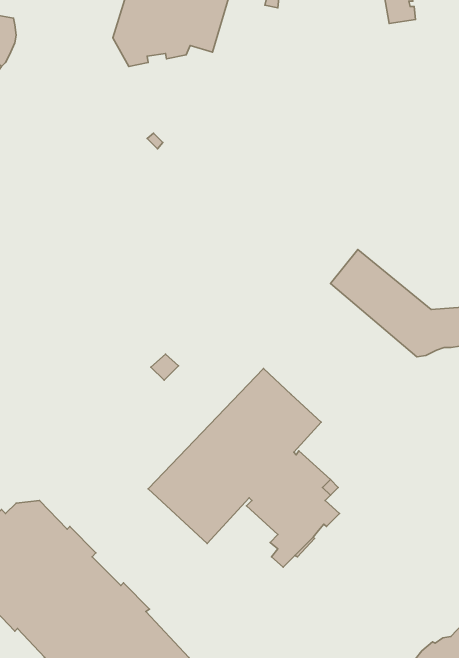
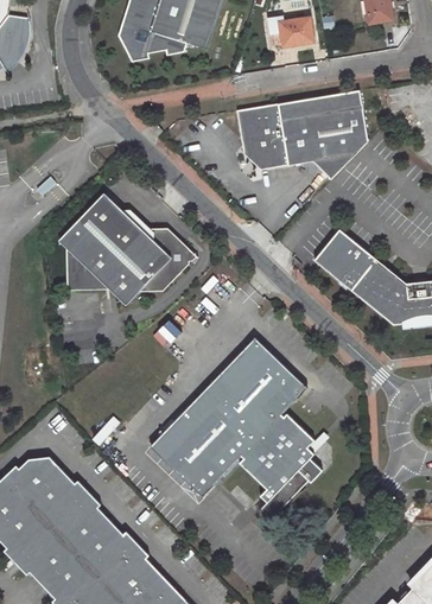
building: none -> [266,15,312,47]
building: none -> [236,91,368,182]
building: none -> [59,193,189,305]

